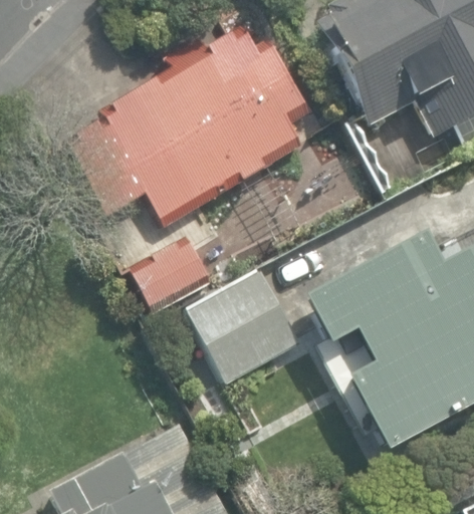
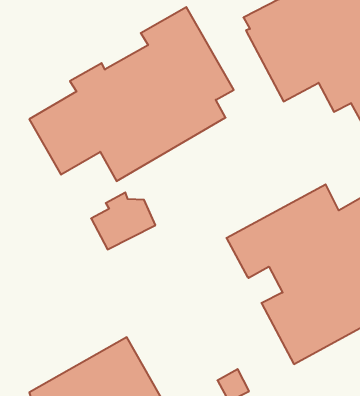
building: [186,270,302,386] -> none

